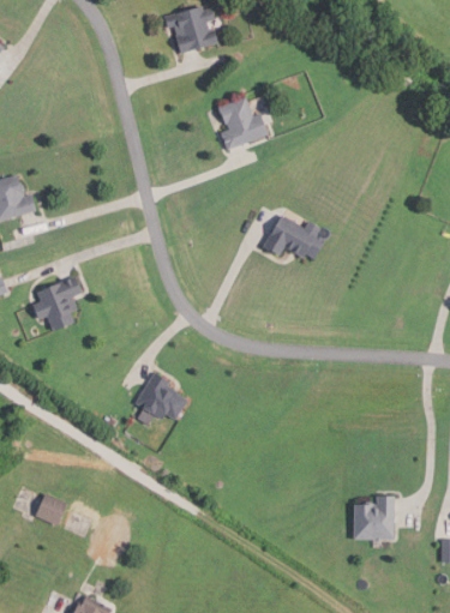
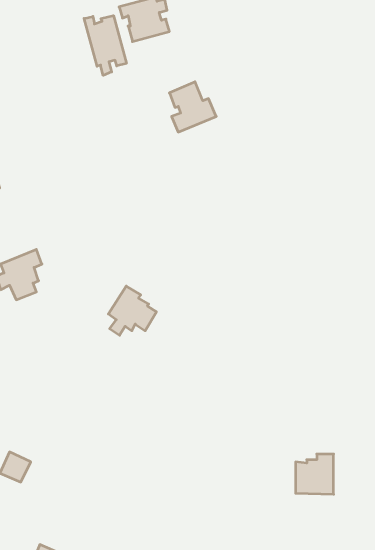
building: none -> [84,16,126,75]
building: [262,214,325,258] -> none
building: [134,372,186,425] -> [108,286,156,335]

